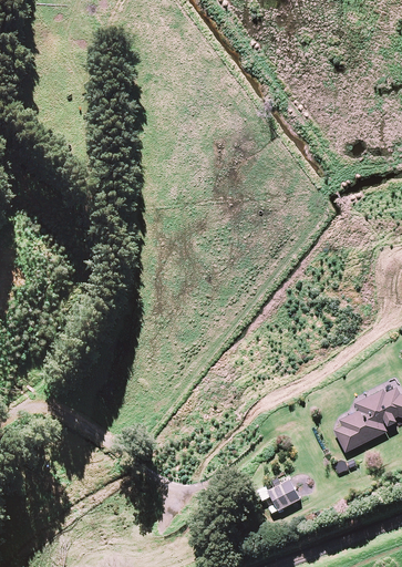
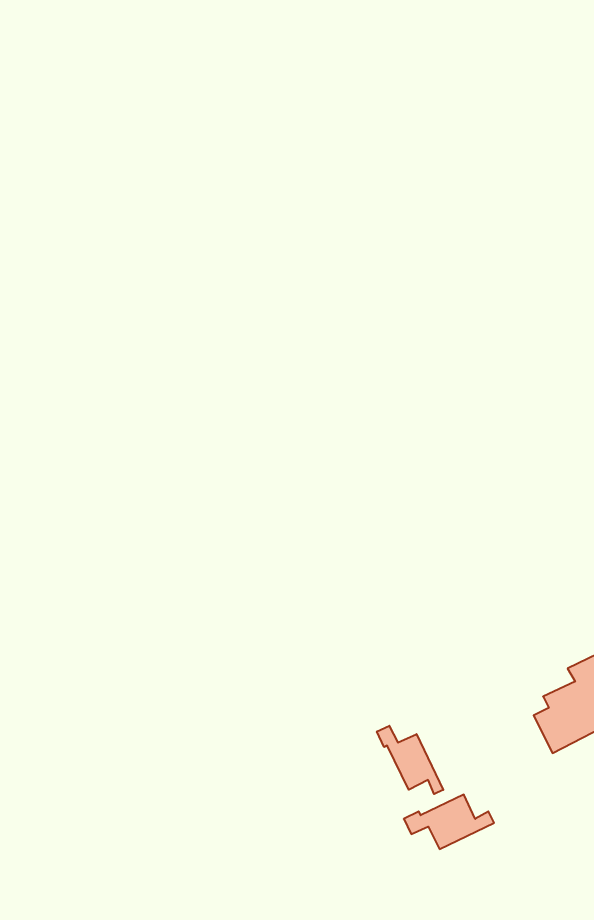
building: none -> [377,726,443,794]

